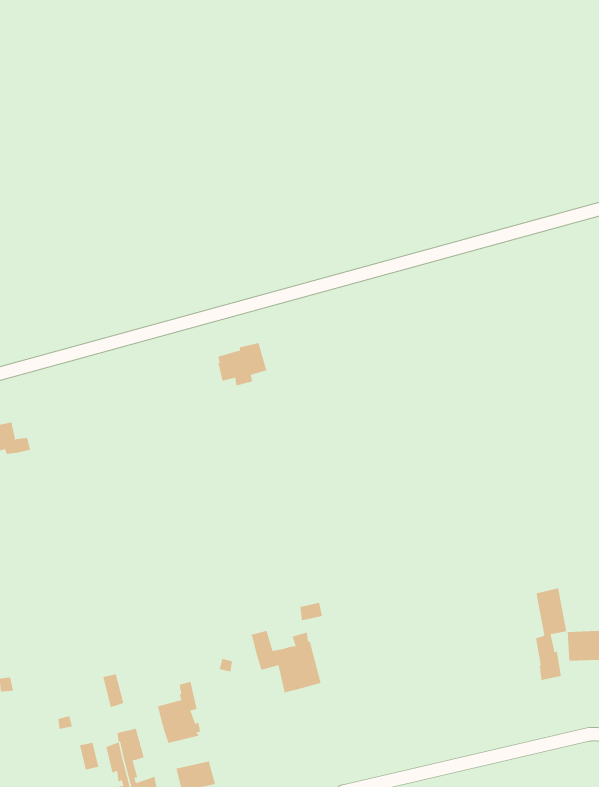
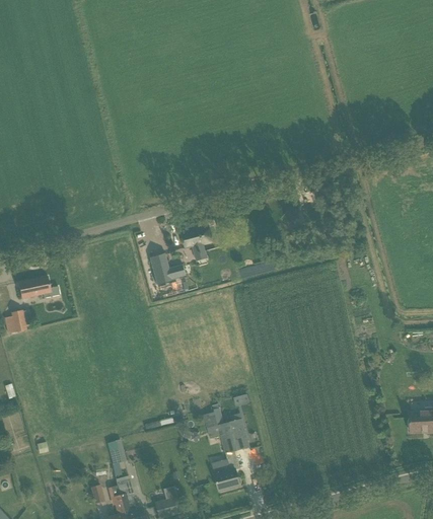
building: none -> [149,252,187,284]
building: [536,588,567,681] -> none
building: [157,681,201,743] -> [213,450,241,491]

